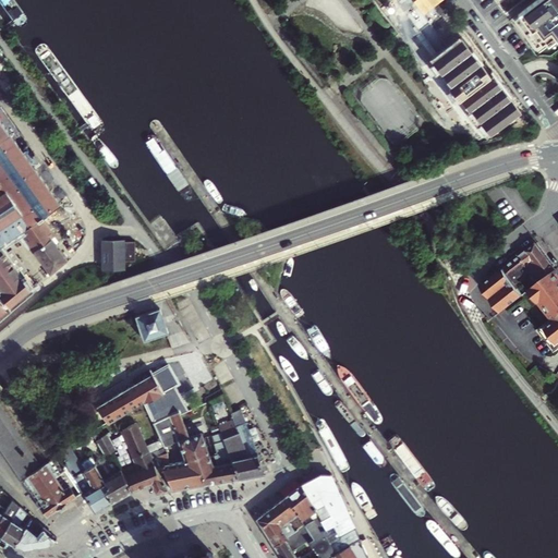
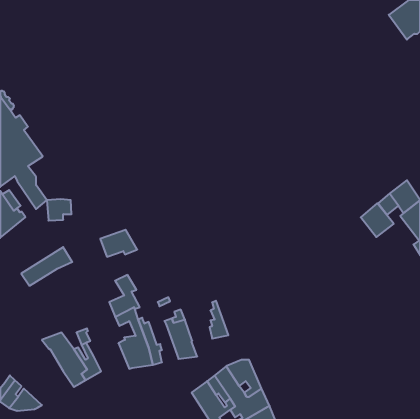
building: [427,37,521,140] -> none
building: [101,243,134,271] -> [47,199,72,221]
building: [97,374,165,425] -> [21,247,72,286]
building: [124,427,171,494] -> none
building: [211,432,236,482] -> [210,301,228,339]
building: [28,463,78,517] -> none

